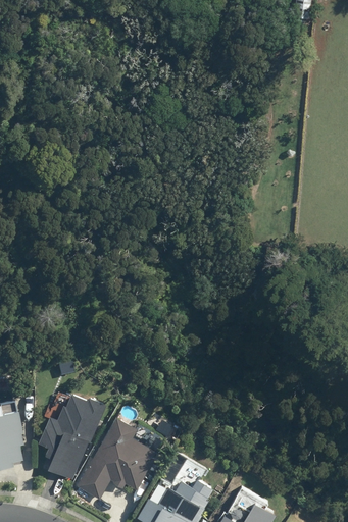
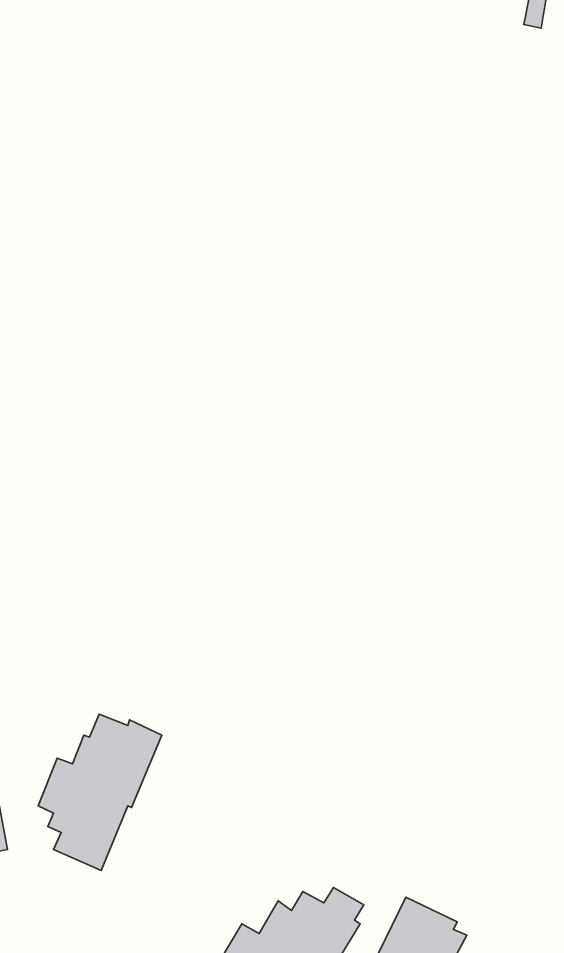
building: [77,415,155,498] -> none

